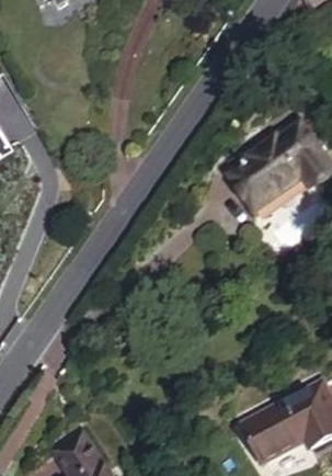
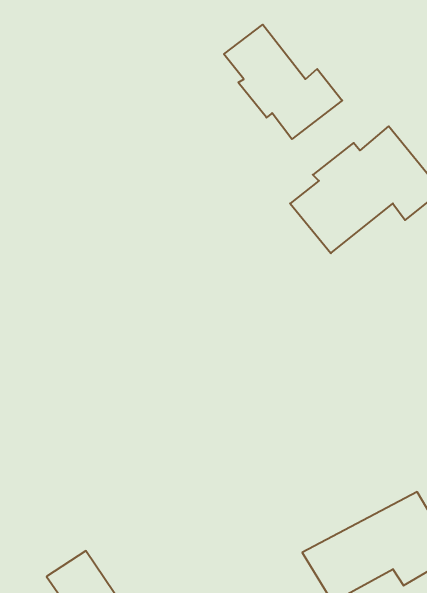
building: none -> [224,25,342,139]

